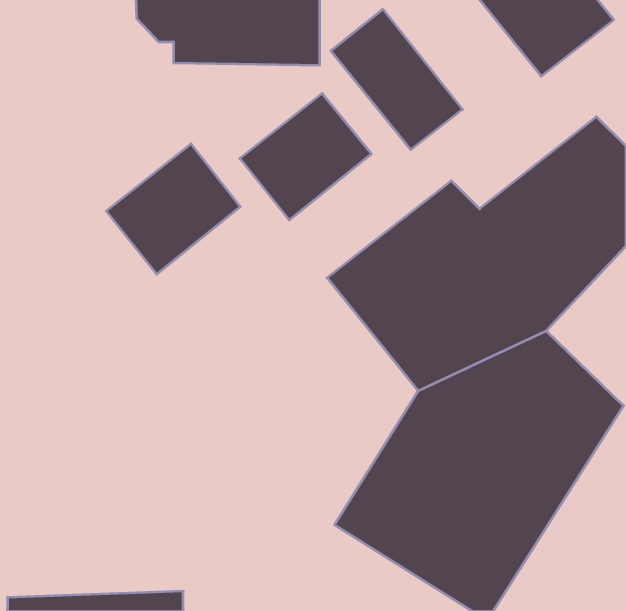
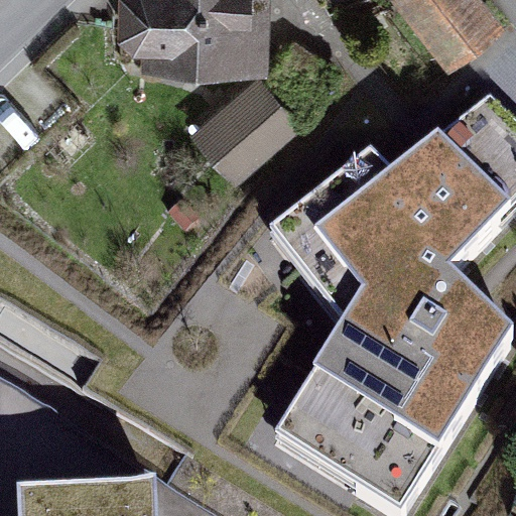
building: [331,9,463,150] -> none
building: [106,144,240,274] -> none

